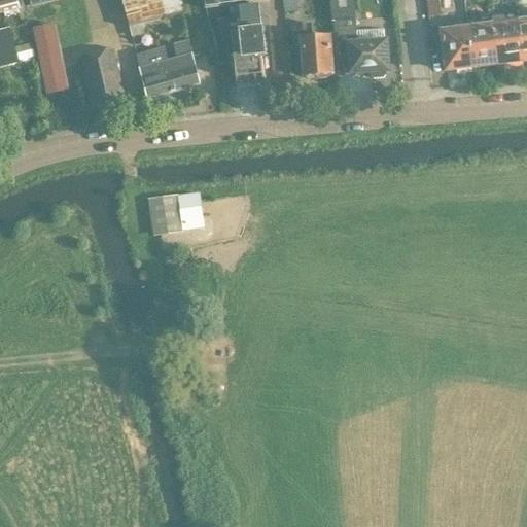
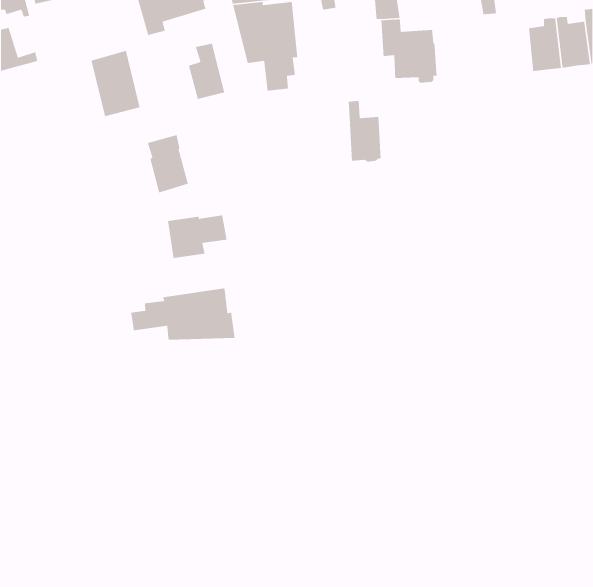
building: [302,20,331,75] -> [348,100,381,163]
building: [34,21,66,92] -> none
building: [441,21,472,67] -> none
building: [138,44,175,97] -> [147,134,189,193]
building: none -> [130,288,236,341]

